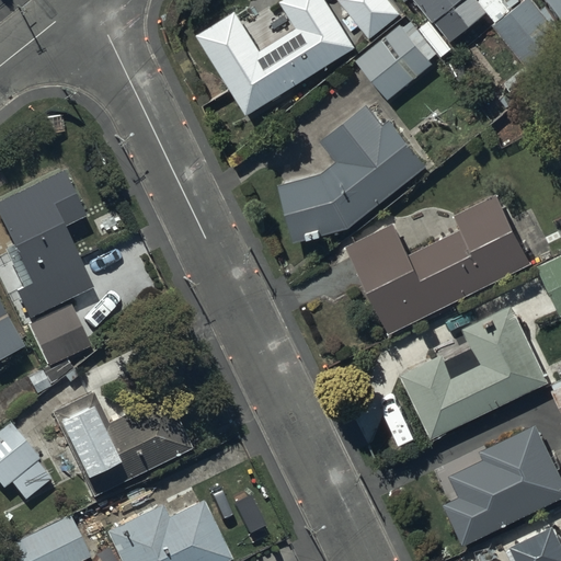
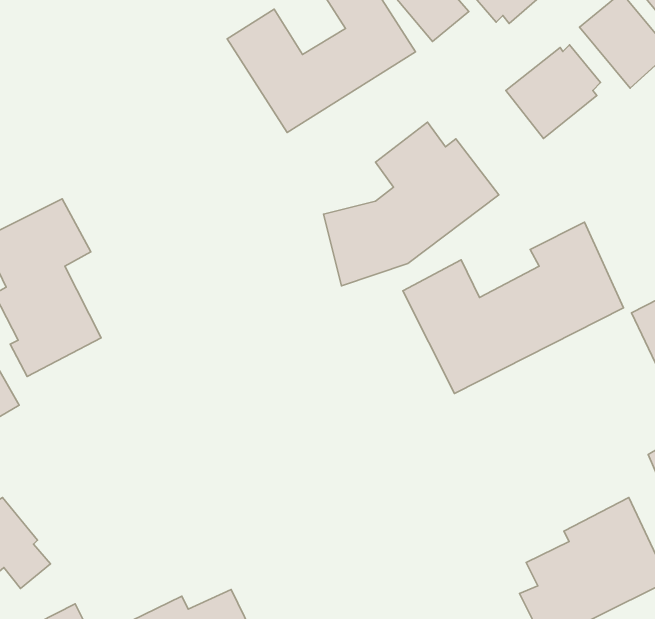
building: [357,21,437,100] -> [506,45,601,138]
building: [401,302,550,438] -> none
building: [28,305,87,364] -> none
building: [50,375,190,496] -> none

